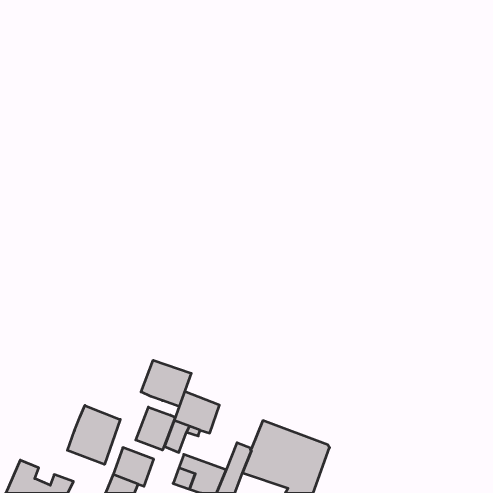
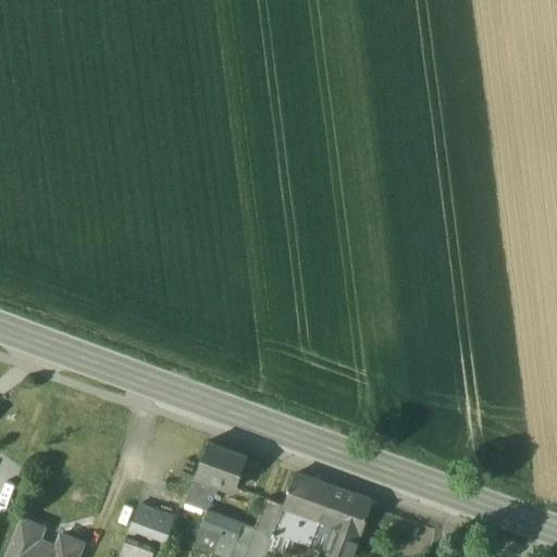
building: [141,360,191,407] -> none
building: [67,405,120,464] -> none
building: [136,407,175,450] -> none

